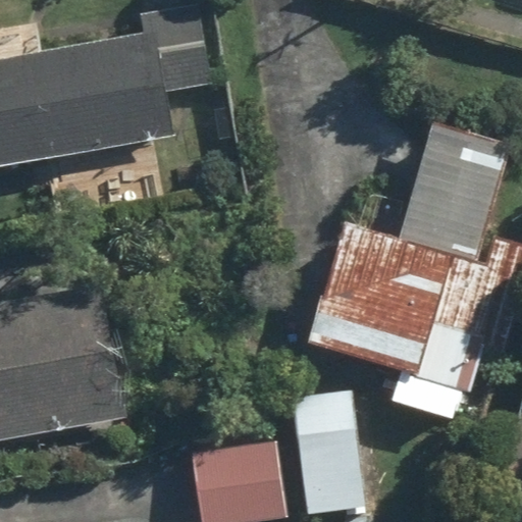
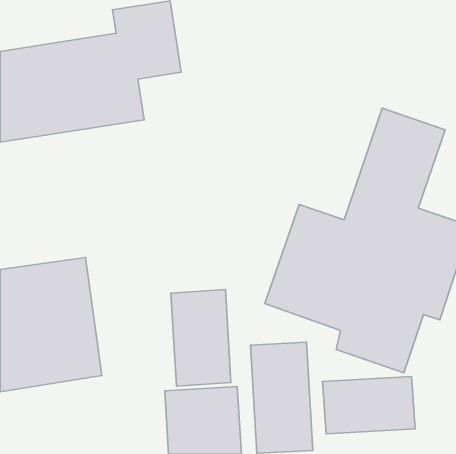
building: none -> [171,290,231,386]
building: none -> [323,376,415,434]

